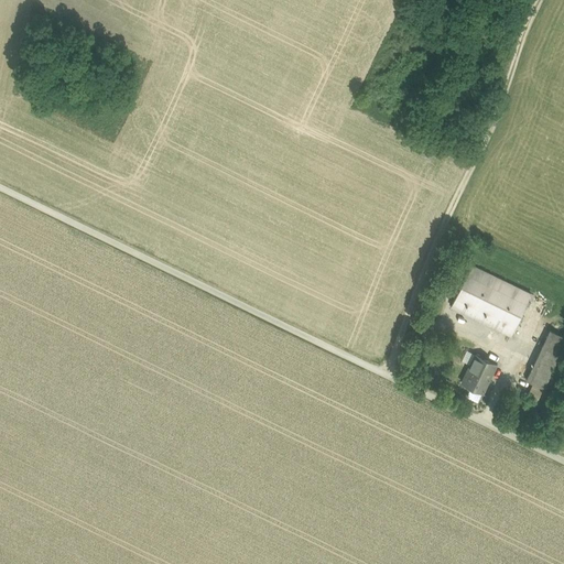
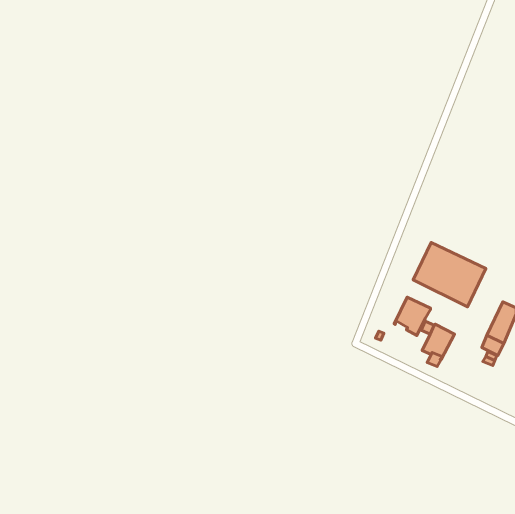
building: none -> [394,297,431,335]

